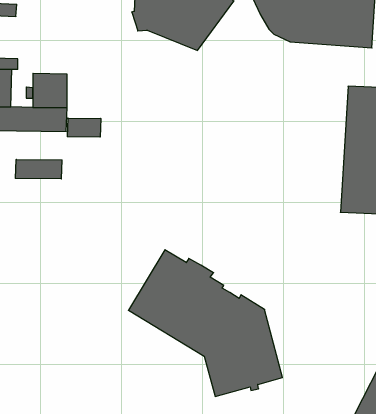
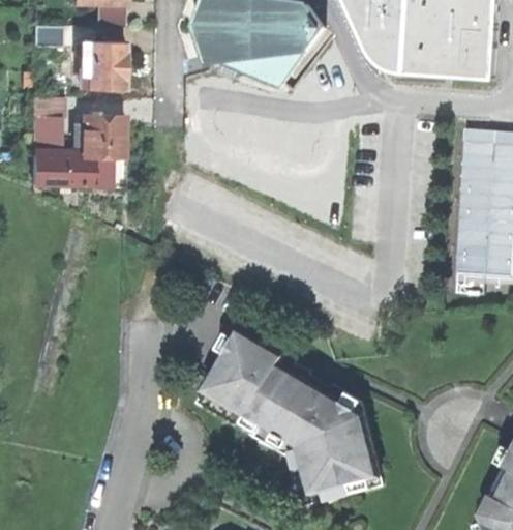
building: none -> [79,39,125,86]
building: [67,118,101,137] -> none
building: [15,159,62,179] -> none

